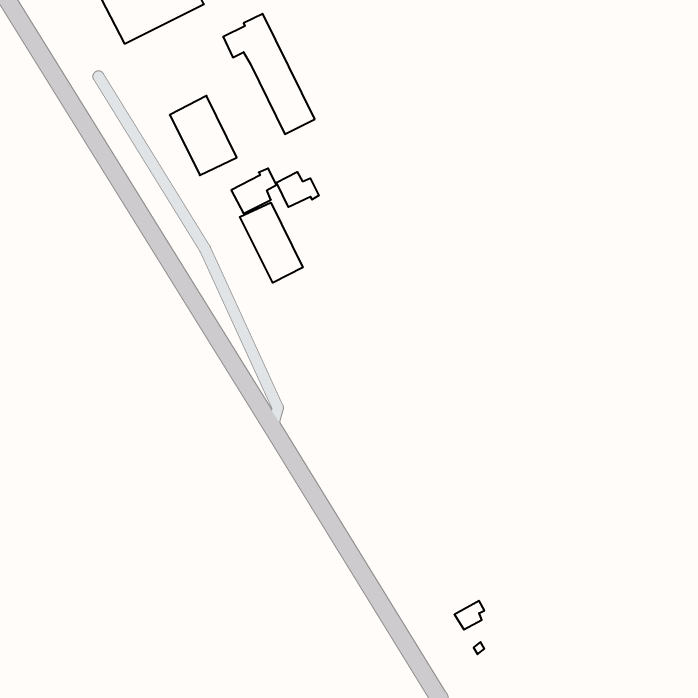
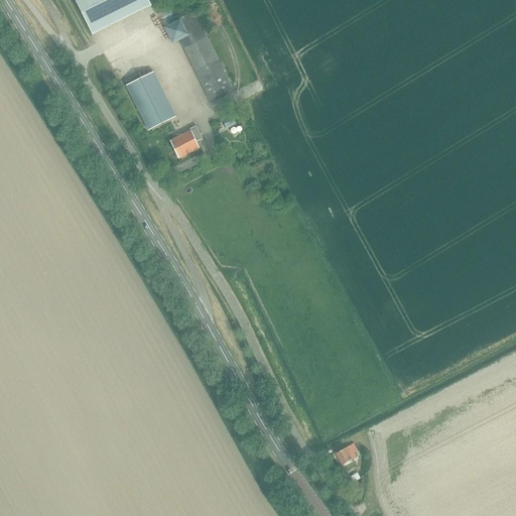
building: [277,172,319,207] -> none
building: [240,203,303,283] -> none

